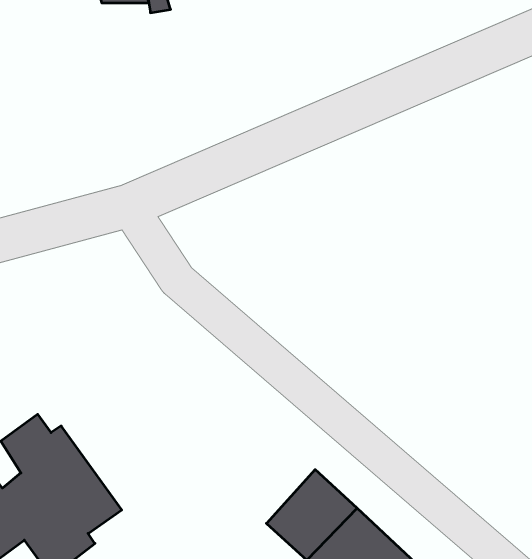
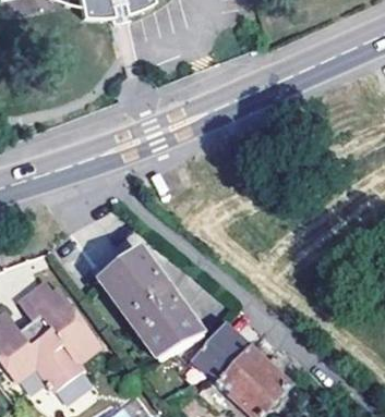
building: none -> [99,249,200,355]

